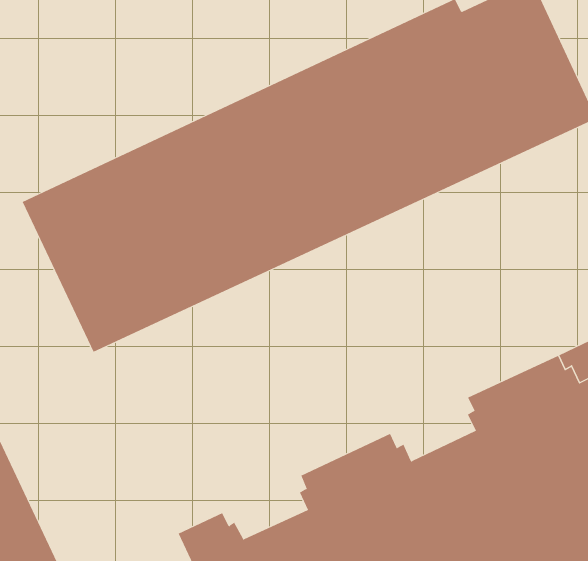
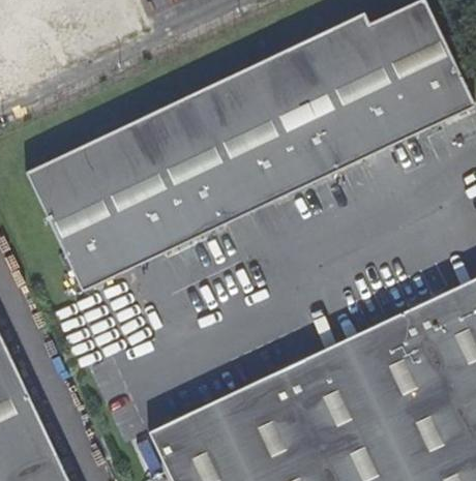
building: none -> [315,325,381,374]
building: none -> [183,386,249,435]

